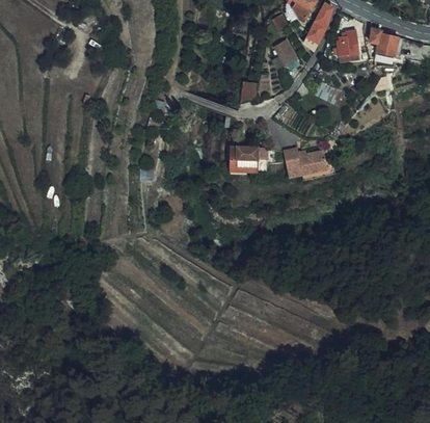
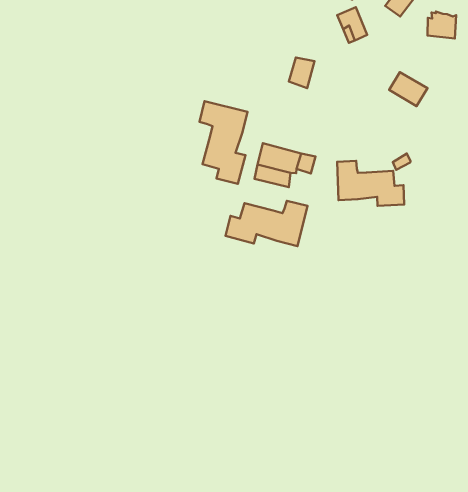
building: none -> [199,101,247,184]
building: none -> [225,201,307,246]

